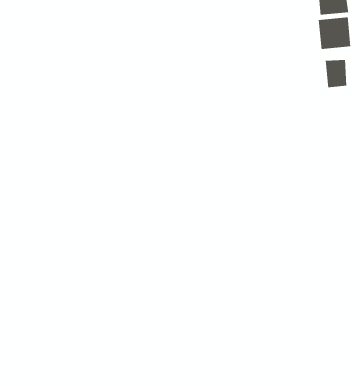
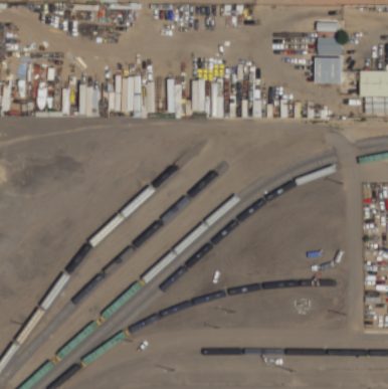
building: [325,59,347,88] -> none

